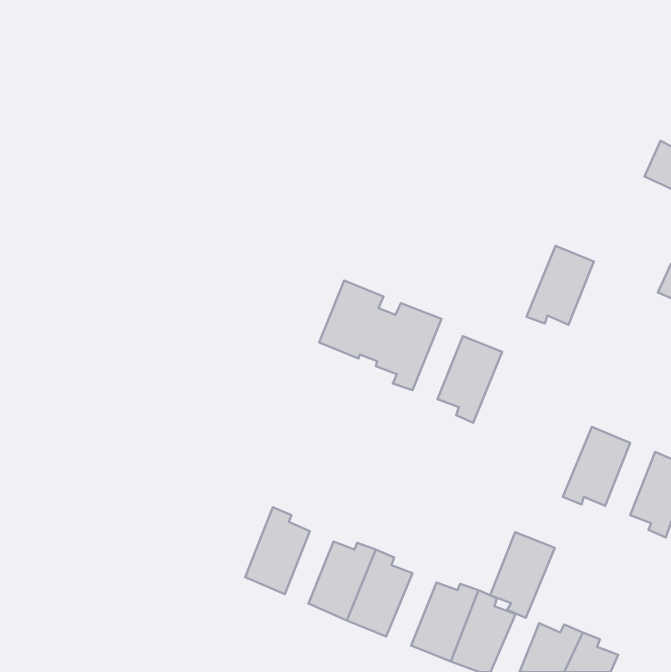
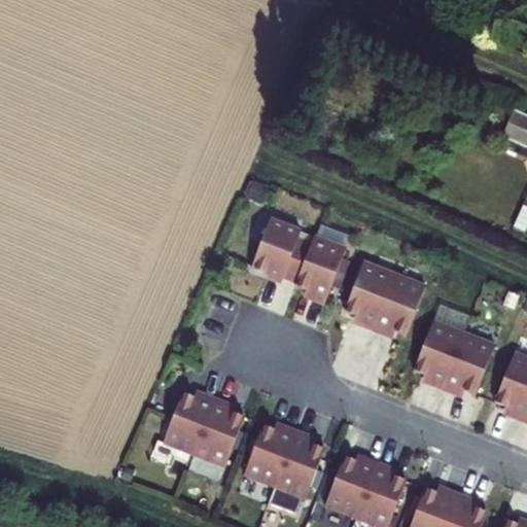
building: [526,246,594,325] -> [372,275,424,337]
building: none -> [163,390,215,451]
building: [490,532,555,618] -> [414,321,464,388]

